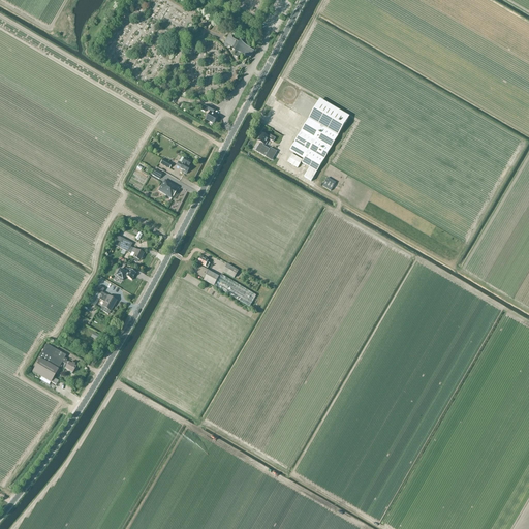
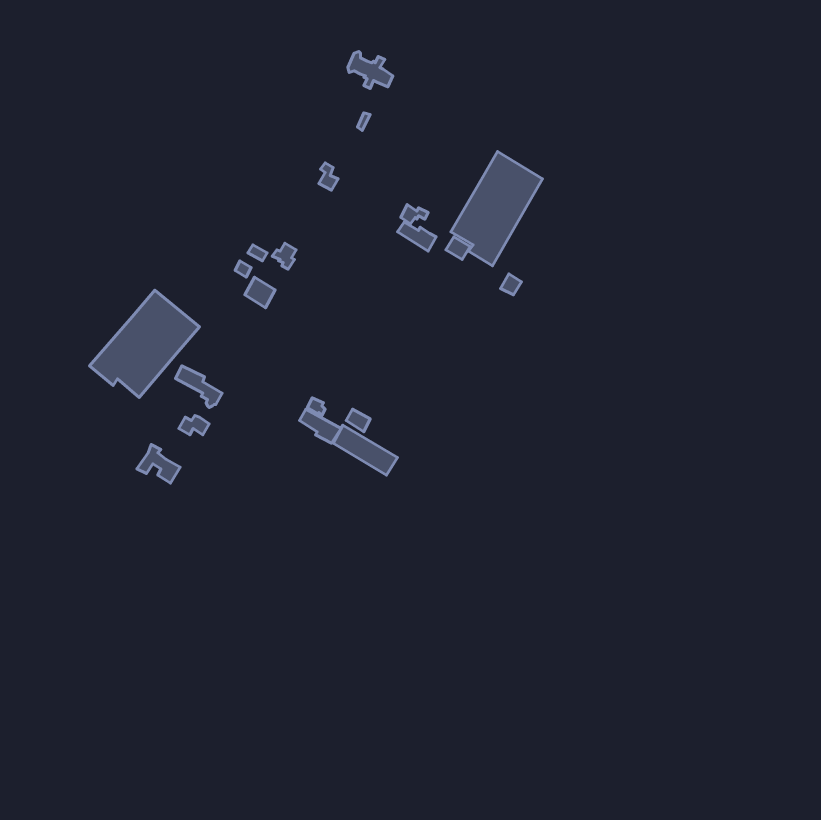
building: none -> [90,290,199,397]
building: [31,343,75,383] -> none

